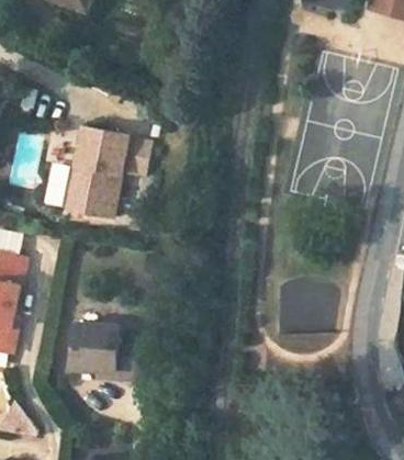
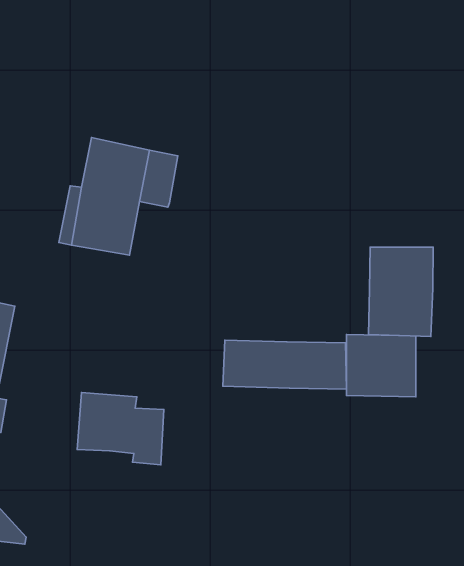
building: none -> [368,247,433,336]
building: none -> [223,340,347,389]

